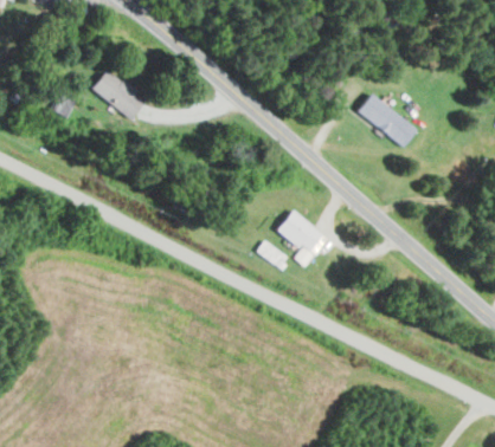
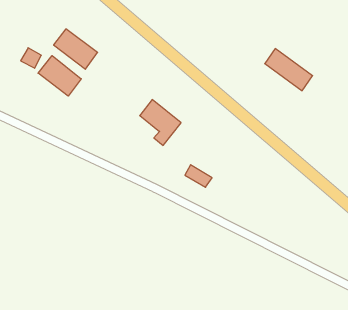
building: none -> [38,56,81,96]
building: [276,209,328,267] -> [140,100,181,145]

